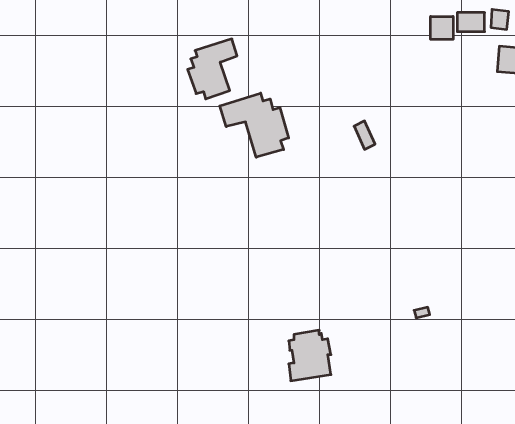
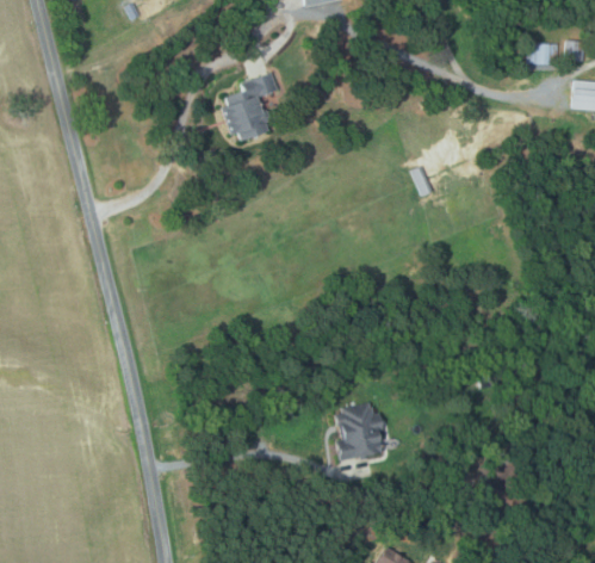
building: [431,16,453,39] -> none
building: [220,93,289,157] -> none

